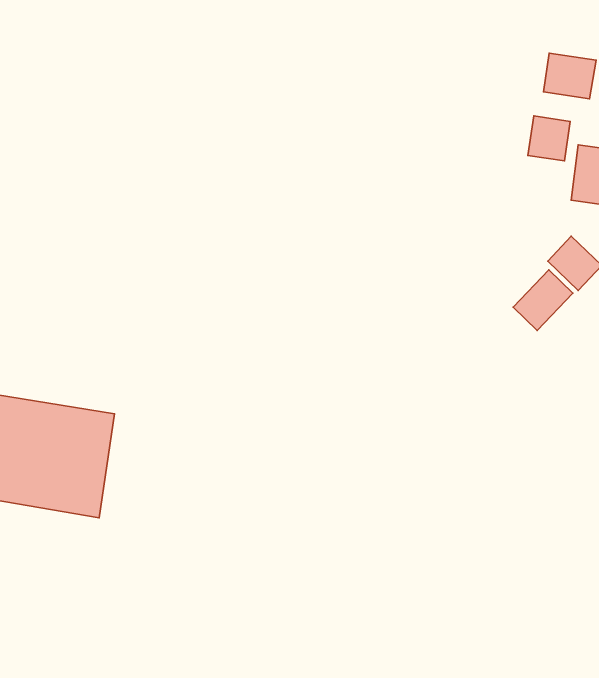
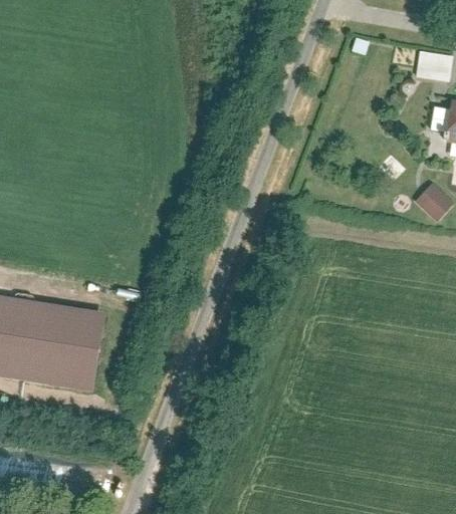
building: [528,116,570,161] -> none
building: [513,270,573,330] -> none

